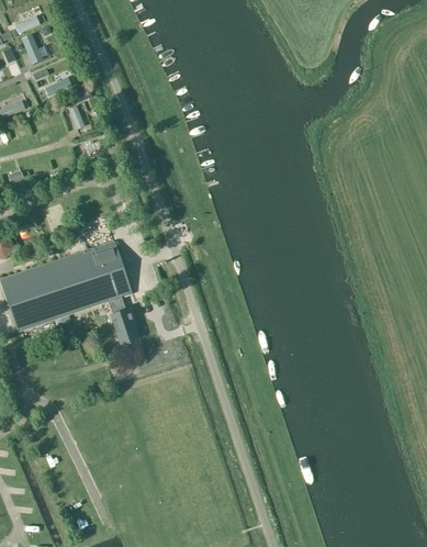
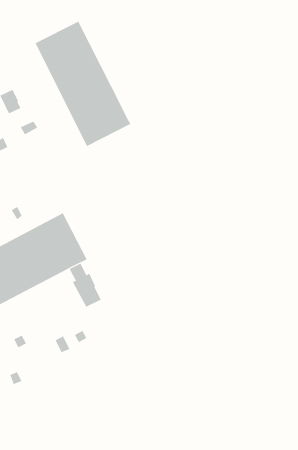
building: none -> [35,21,131,147]

